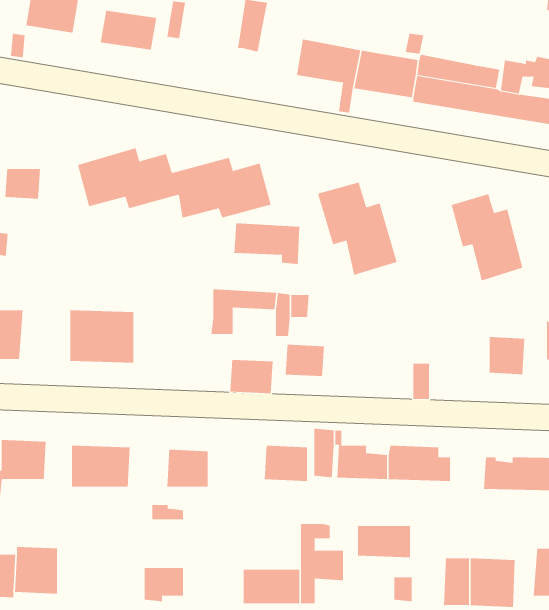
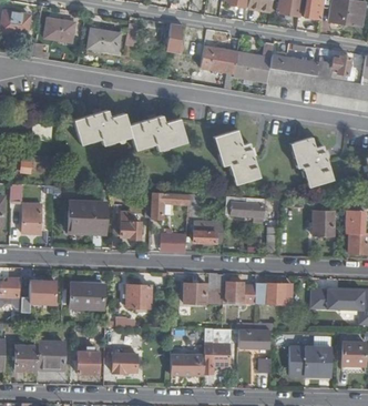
building: [234,223,300,265] -> [225,196,264,221]
building: none -> [113,211,142,238]
building: none -> [75,347,98,374]

